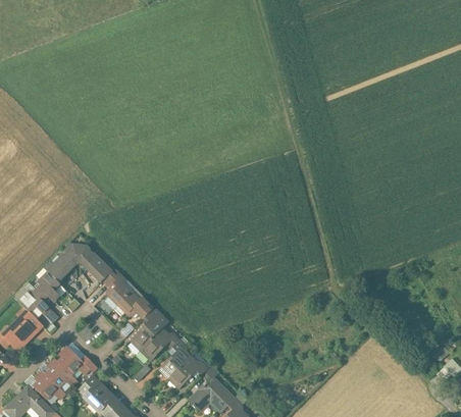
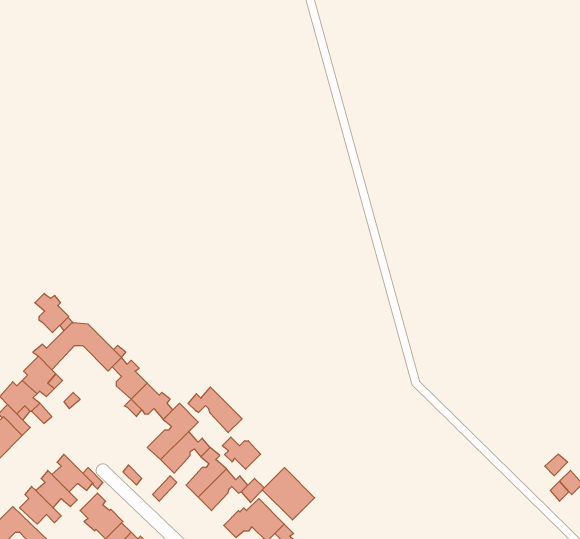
building: none -> [35,293,69,333]
building: none -> [188,387,242,433]
building: none -> [222,437,261,469]
building: none -> [262,468,315,520]

